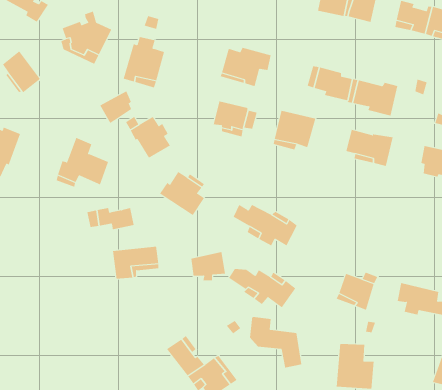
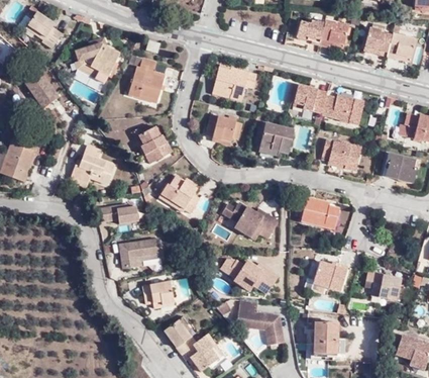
building: [99,90,132,124] -> none
building: none -> [301,198,337,227]
building: [191,251,226,281] -> [145,282,176,307]

